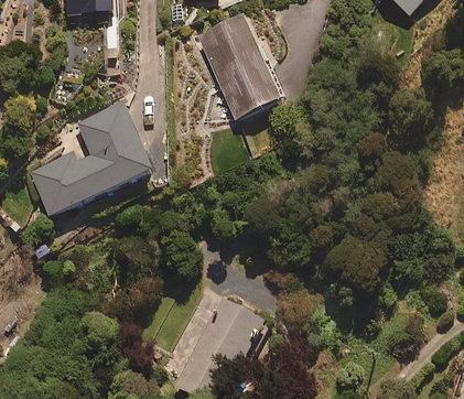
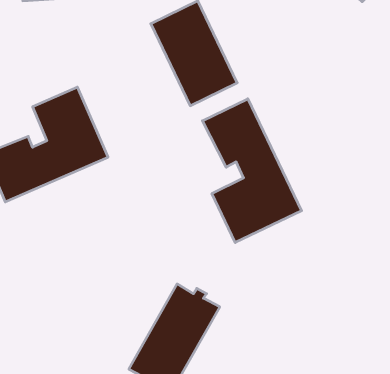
building: none -> [202,99,302,243]

